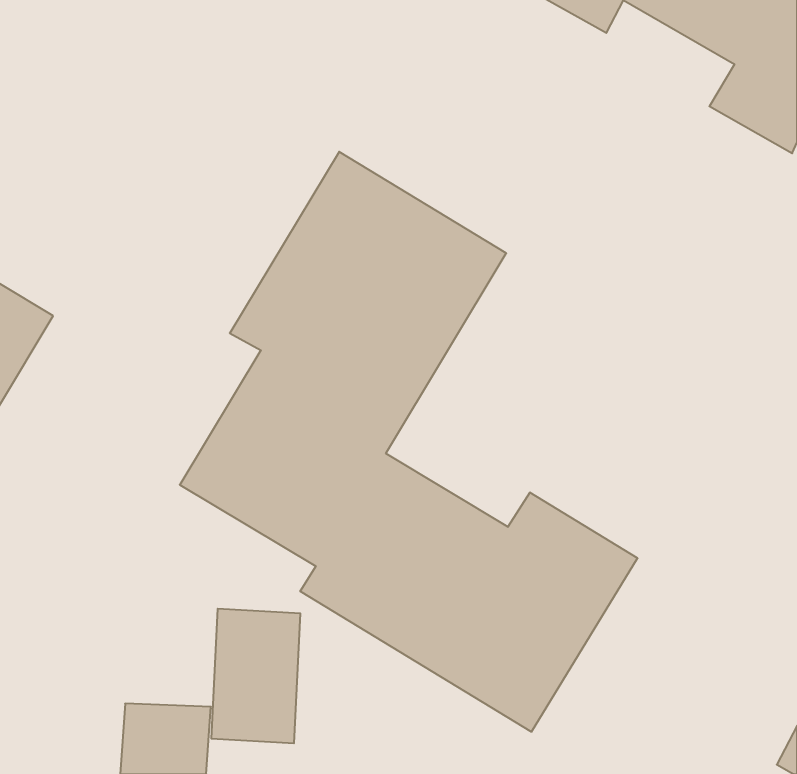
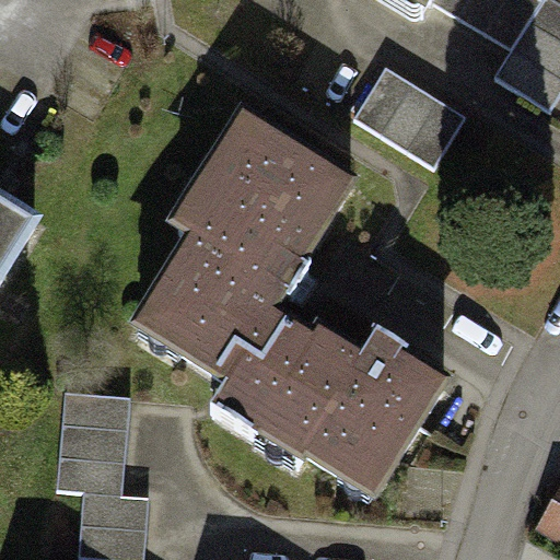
building: none -> [359,61,470,162]
building: [211,609,300,743] -> [63,394,126,488]

